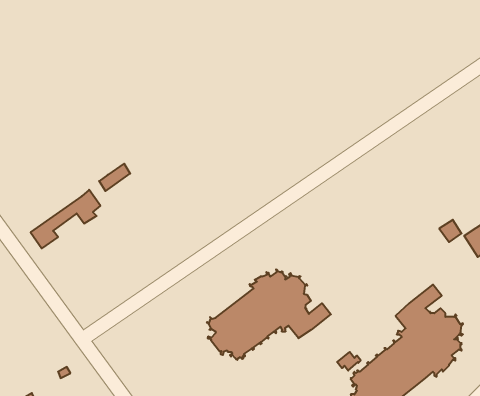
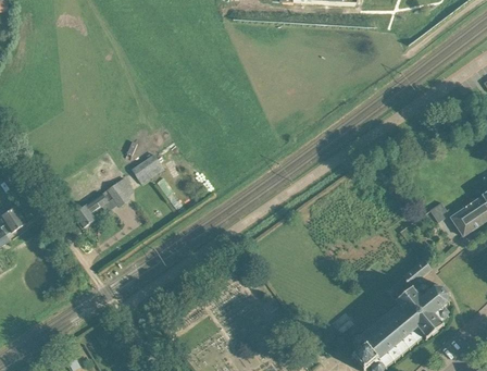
building: [207,269,331,360] -> none

